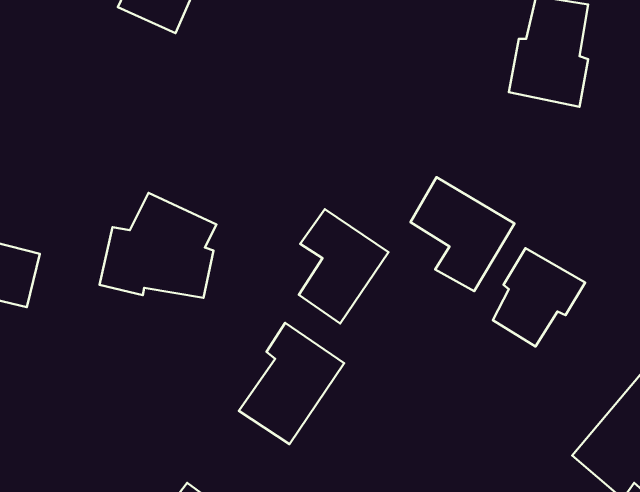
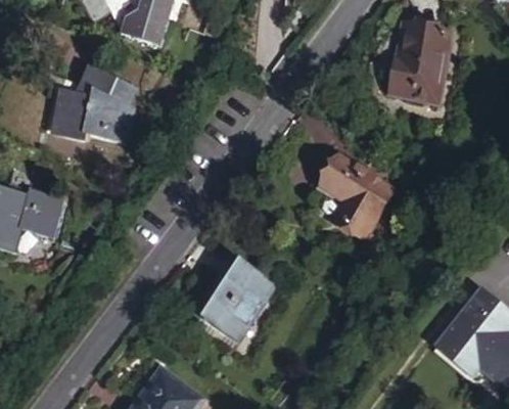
building: [100,193,216,298] -> [49,71,132,145]
building: [299,209,389,324] -> none
building: [493,248,585,346] -> none

